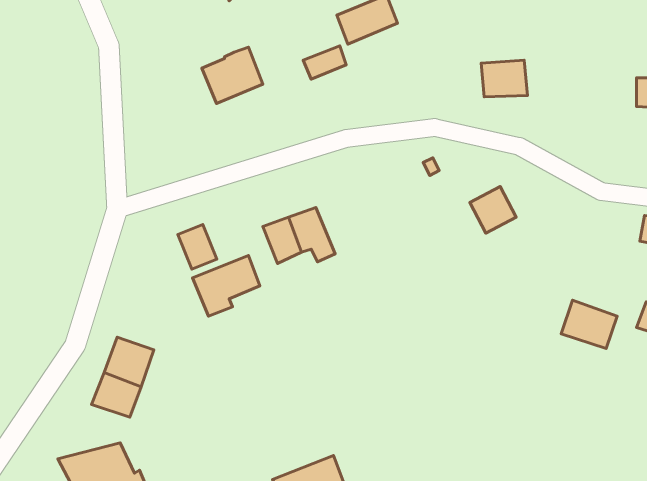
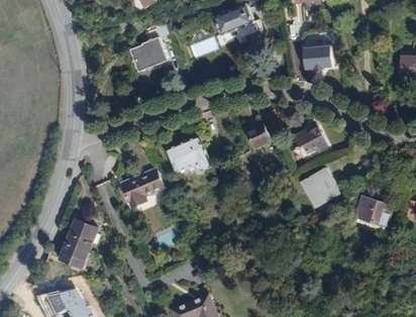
building: none -> [244,122,271,147]
building: [178,224,217,269] -> none
building: none -> [302,169,340,207]

